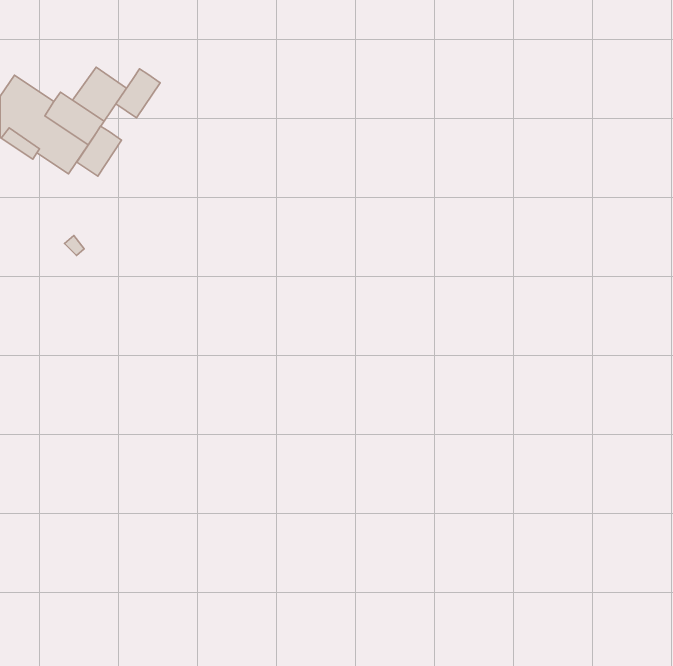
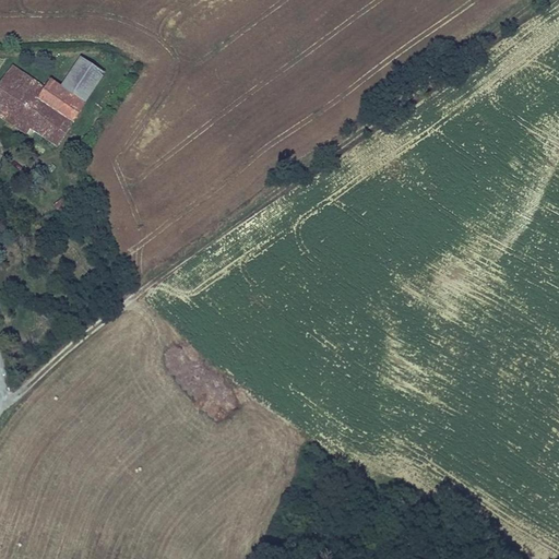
building: [116,69,160,118] -> none
building: [77,126,122,176] -> none

